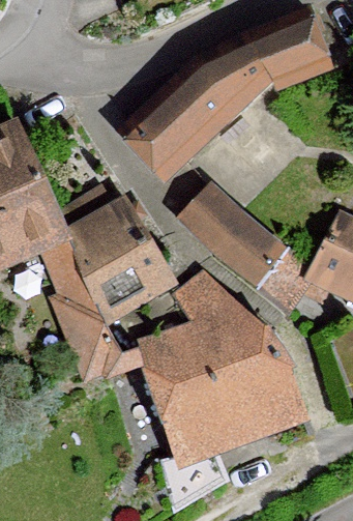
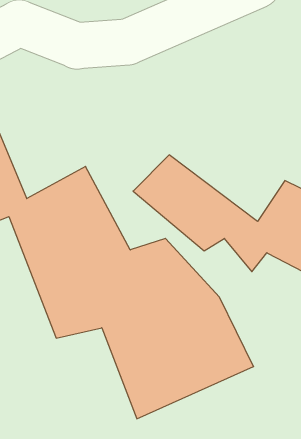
building: [145,13,346,169] -> none

